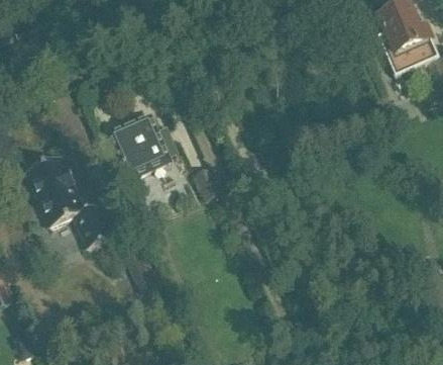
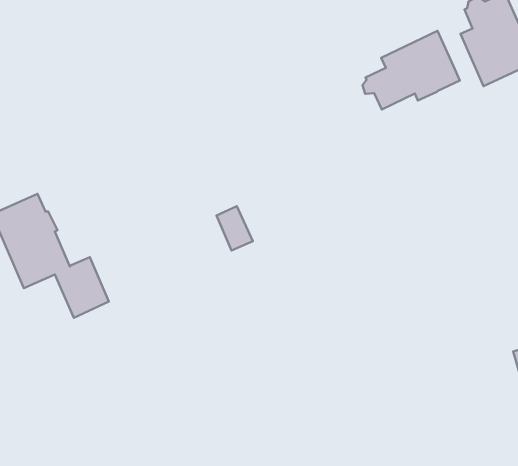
building: none -> [362,31,460,110]
building: [111,115,174,177] -> none

